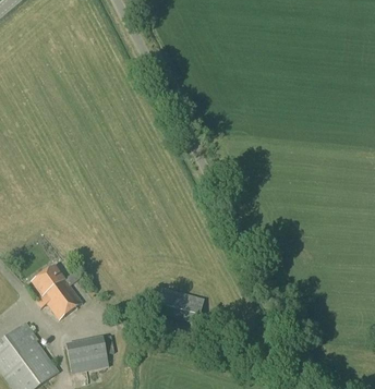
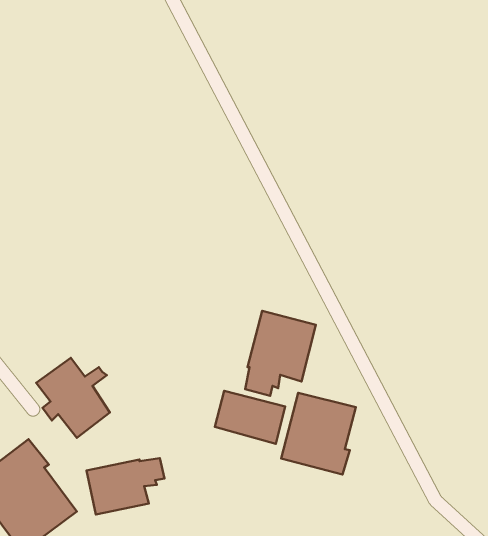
building: none -> [245,311,316,396]
building: none -> [281,393,356,475]

